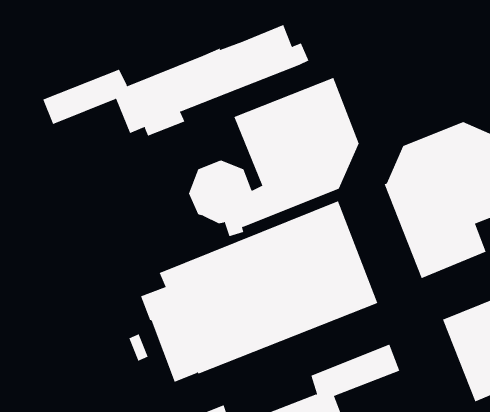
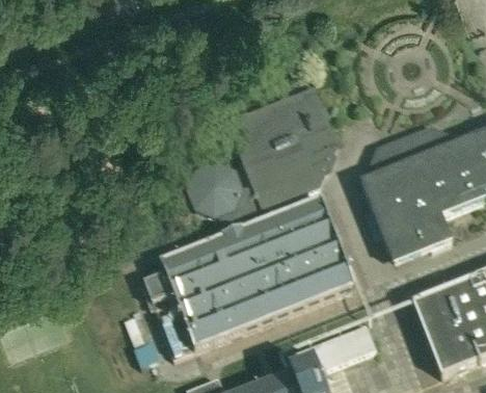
building: [42,24,309,137] -> none

